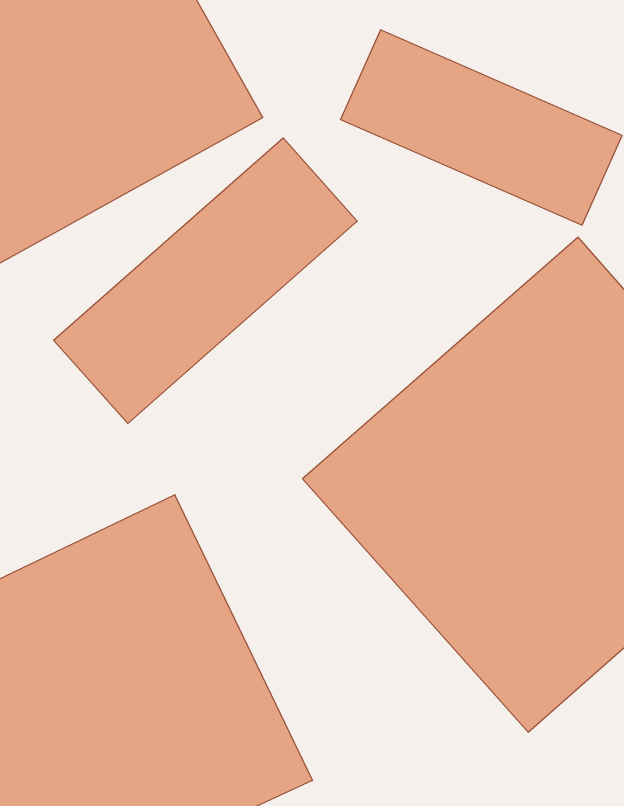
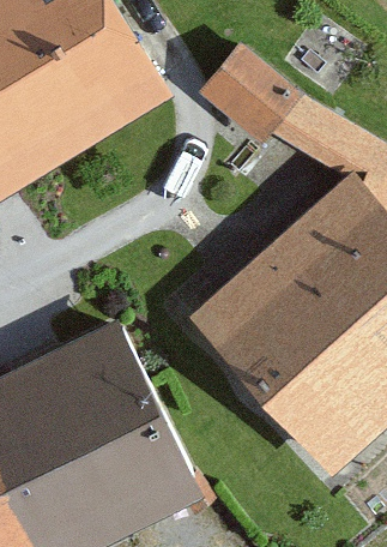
building: [54,138,357,424] -> none

